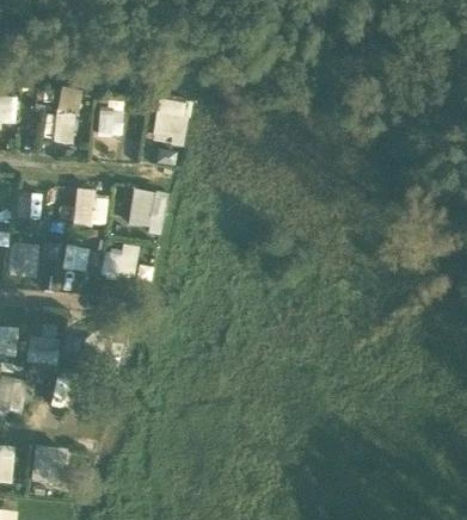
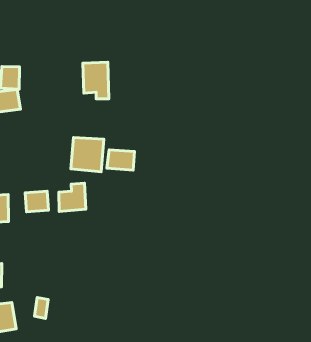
building: [96,111,123,136] -> none
building: [74,191,107,227] -> none
building: none -> [107,150,135,170]
building: [26,323,59,365] -> none

